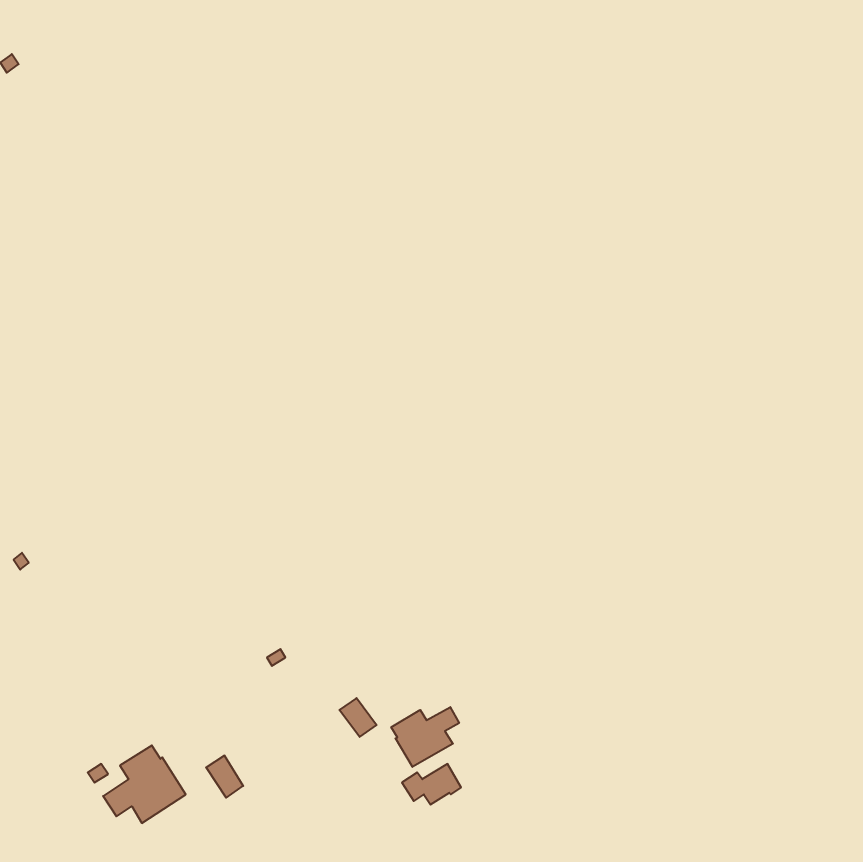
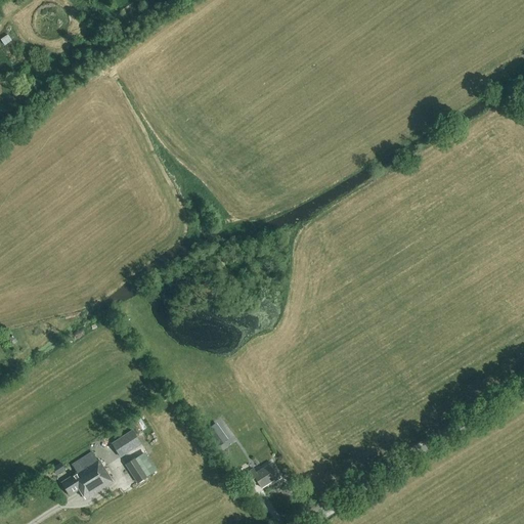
building: [391,707,459,767] -> none
building: none -> [113,430,142,457]

